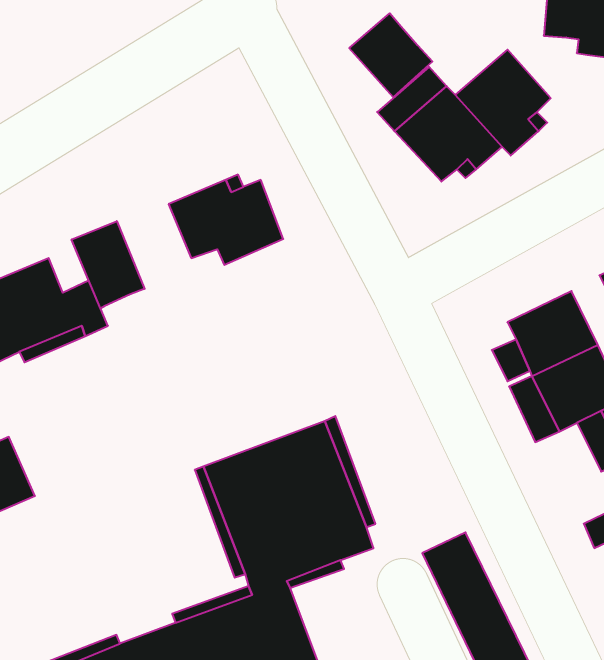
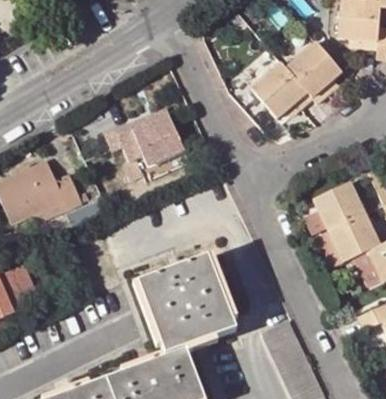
building: [349,13,432,97] -> none
building: [72,221,145,309] -> none

